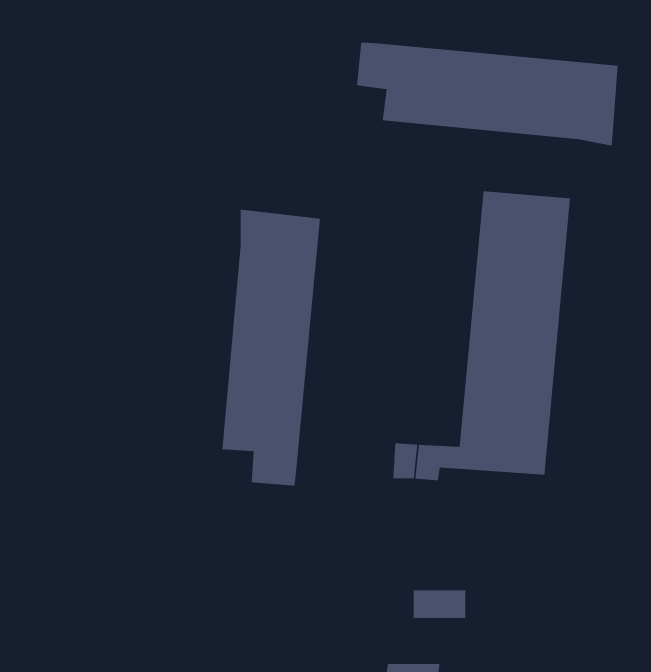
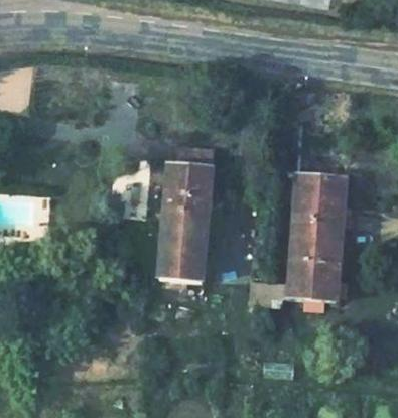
building: [356,42,619,147] -> none

